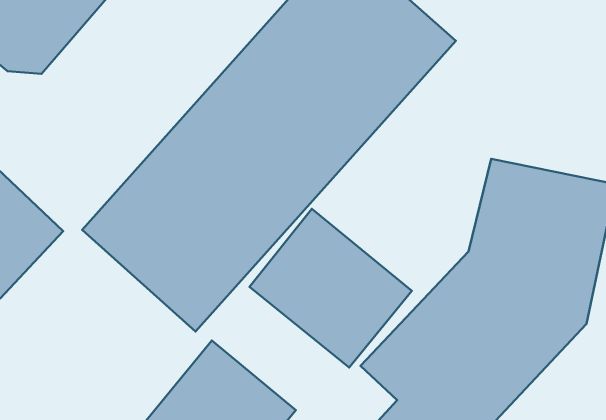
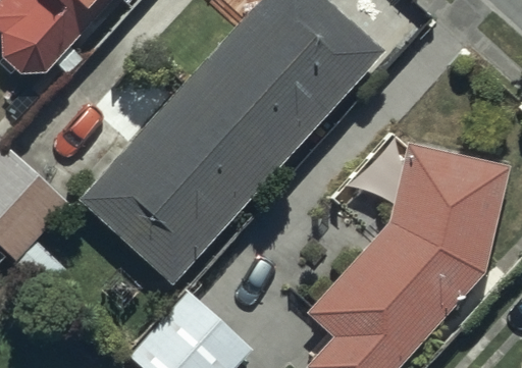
building: [249,209,412,367] -> none

